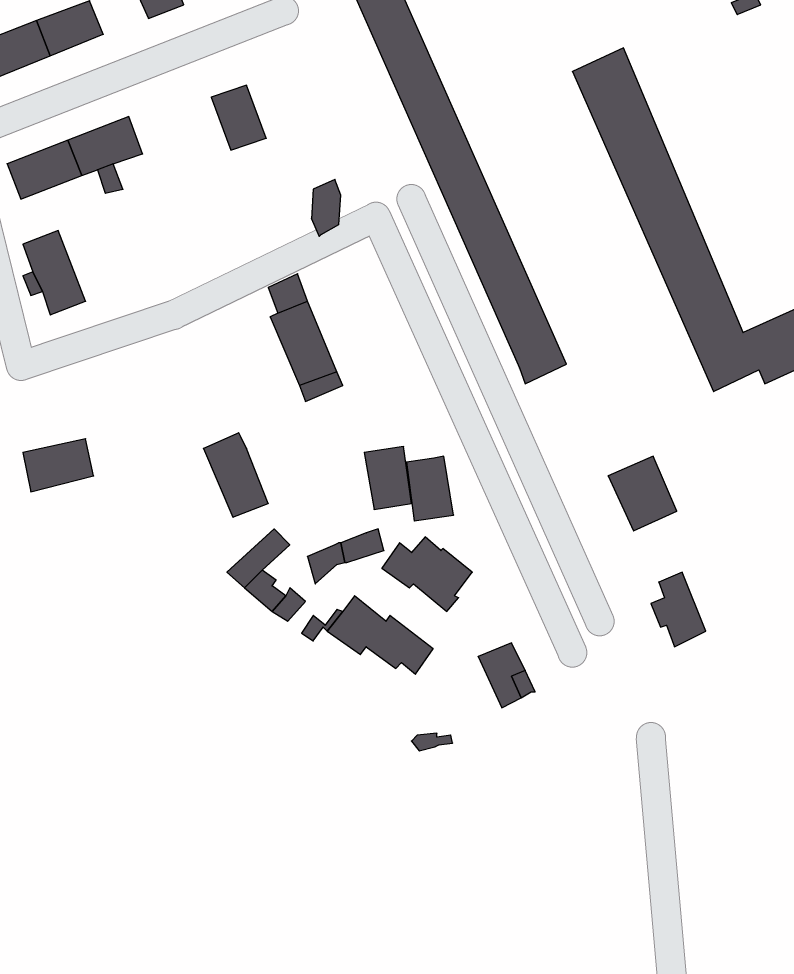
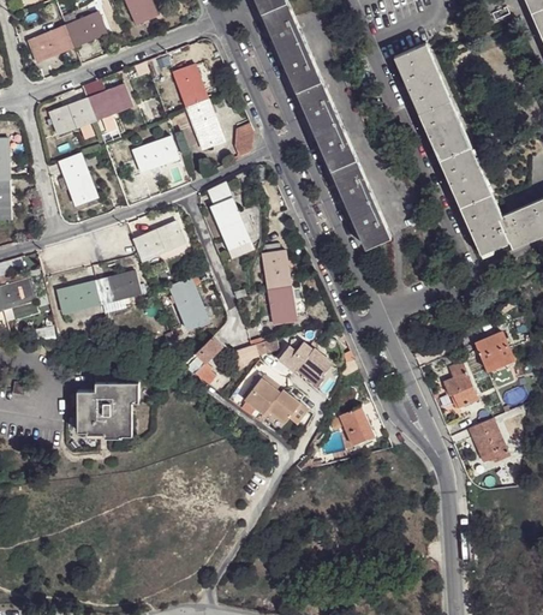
building: none -> [185,97,223,149]
building: none -> [132,137,179,173]
building: none -> [132,222,184,262]
building: none -> [96,271,139,304]
building: [406,456,454,521] -> [262,250,291,289]
building: [608,456,677,531] -> [472,334,514,380]
building: none -> [78,372,139,435]
building: none -> [467,418,507,462]

